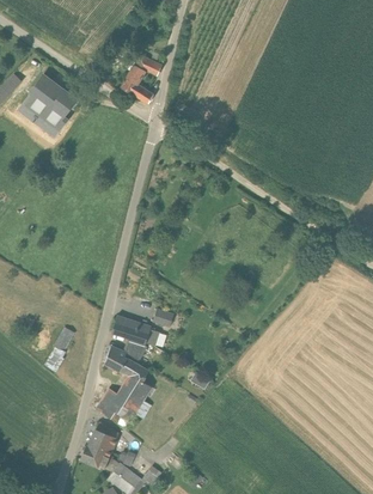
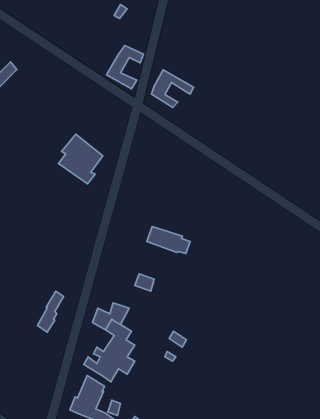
building: [26,74,75,129] -> [58,134,103,184]
building: none -> [152,70,194,107]
building: [110,315,158,344] -> [147,226,190,254]

